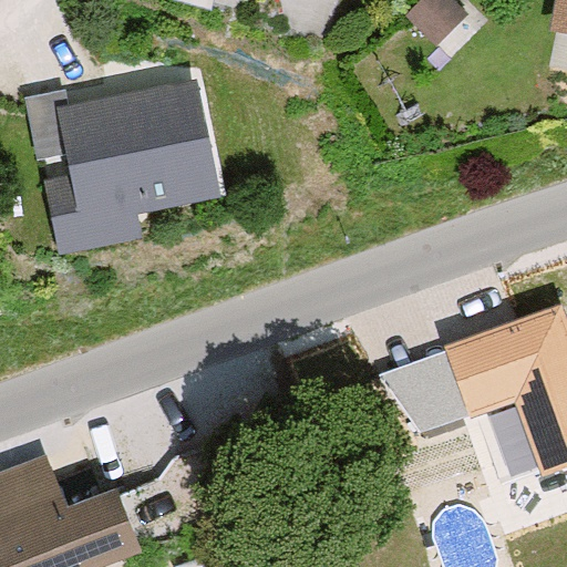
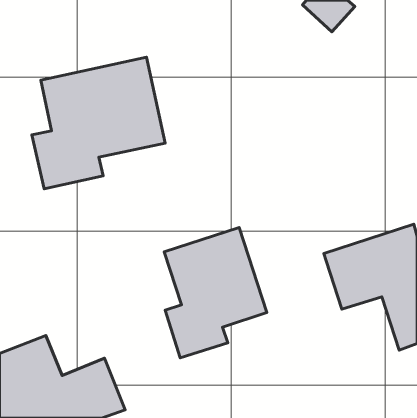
building: none -> [164,228,267,358]
building: [380,353,463,439] -> none

